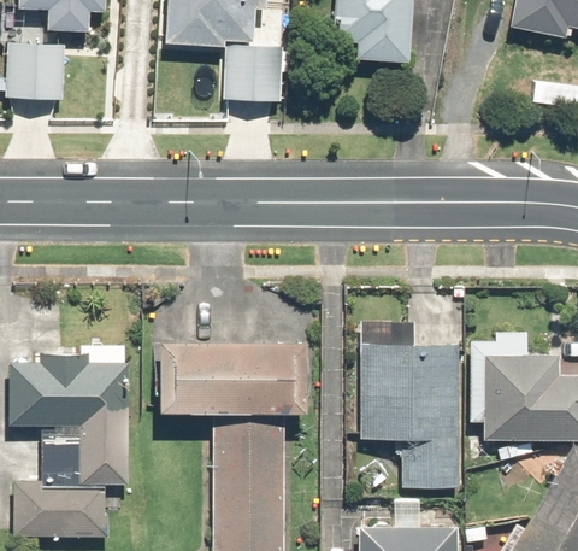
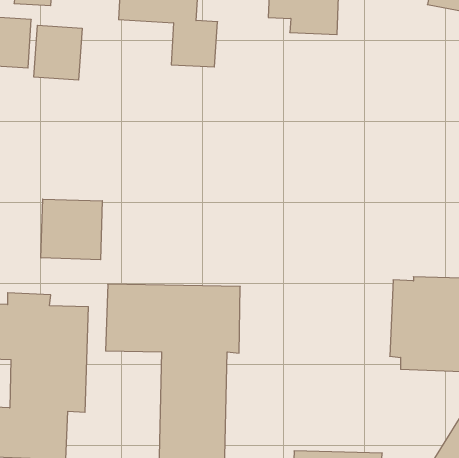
building: none -> [34,25,82,80]
building: none -> [41,199,102,260]
building: [359,323,456,490] -> none

